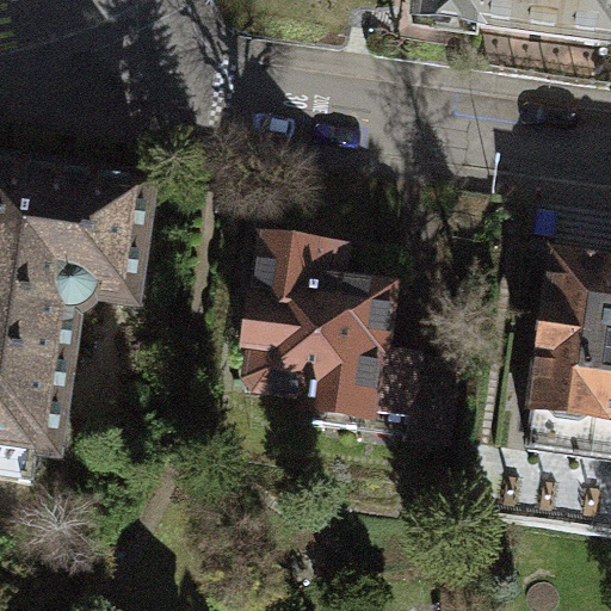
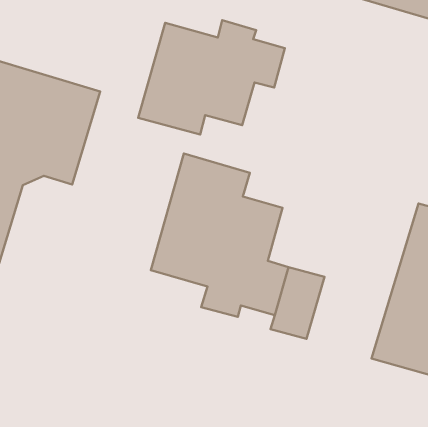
building: none -> [138,20,285,134]

